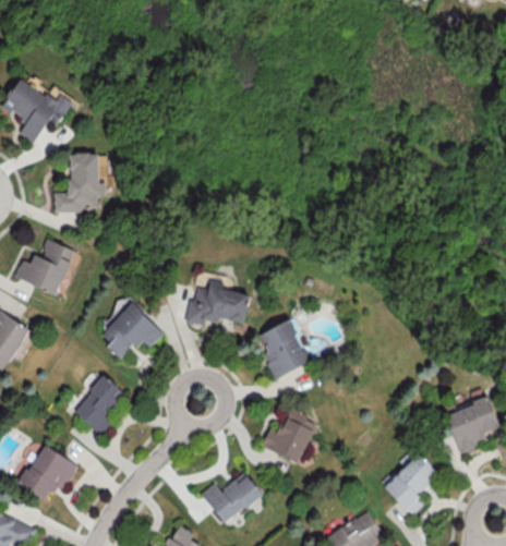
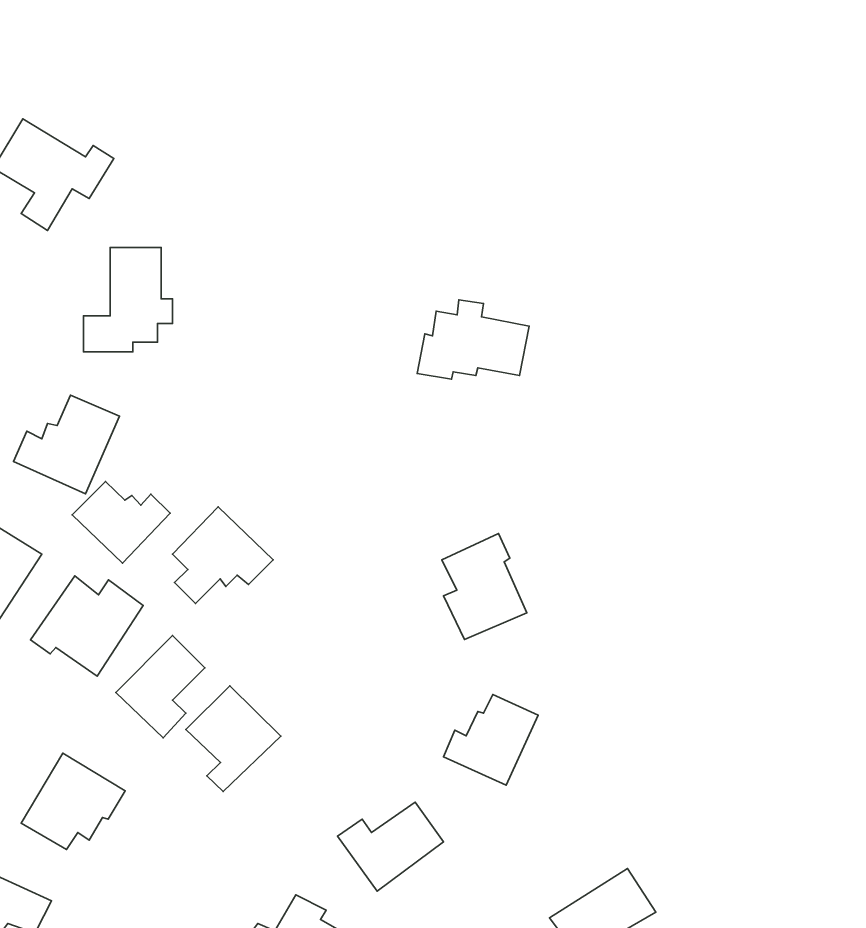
building: [185,279,250,325] -> [417,300,529,379]
building: none -> [72,481,170,563]
building: none -> [31,576,143,676]
building: [445,398,499,451] -> none
building: none -> [186,686,281,792]
building: [384,452,439,514] -> none

